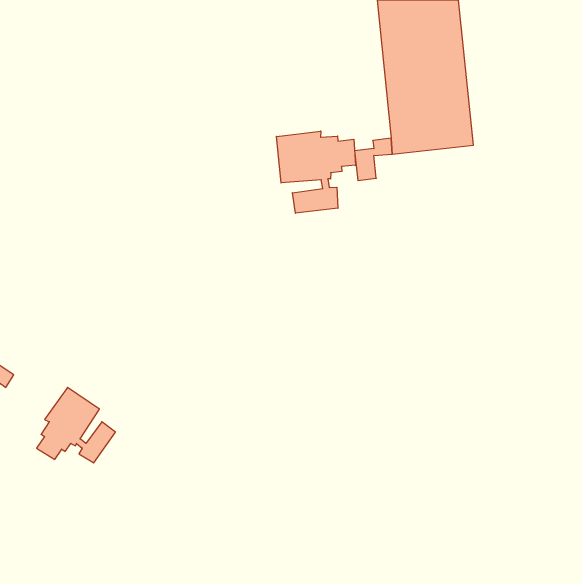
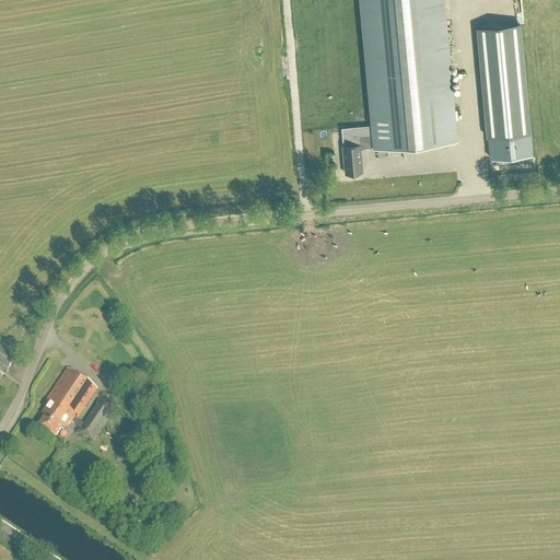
building: none -> [475,23,529,156]
building: [276,131,355,213] -> none

